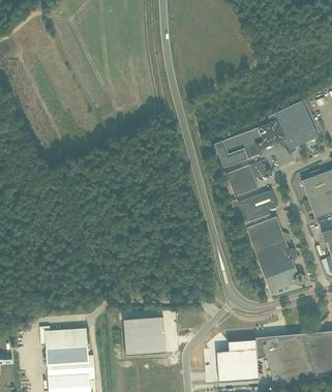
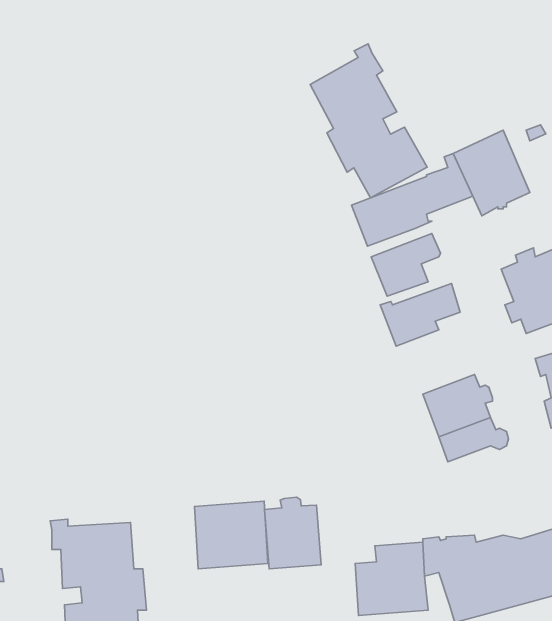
building: none -> [310,44,427,198]
building: [246,216,290,253] -> none
building: none -> [265,497,321,569]

